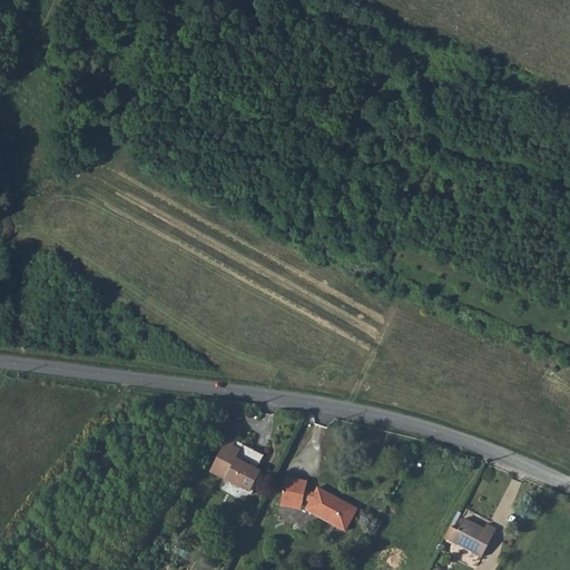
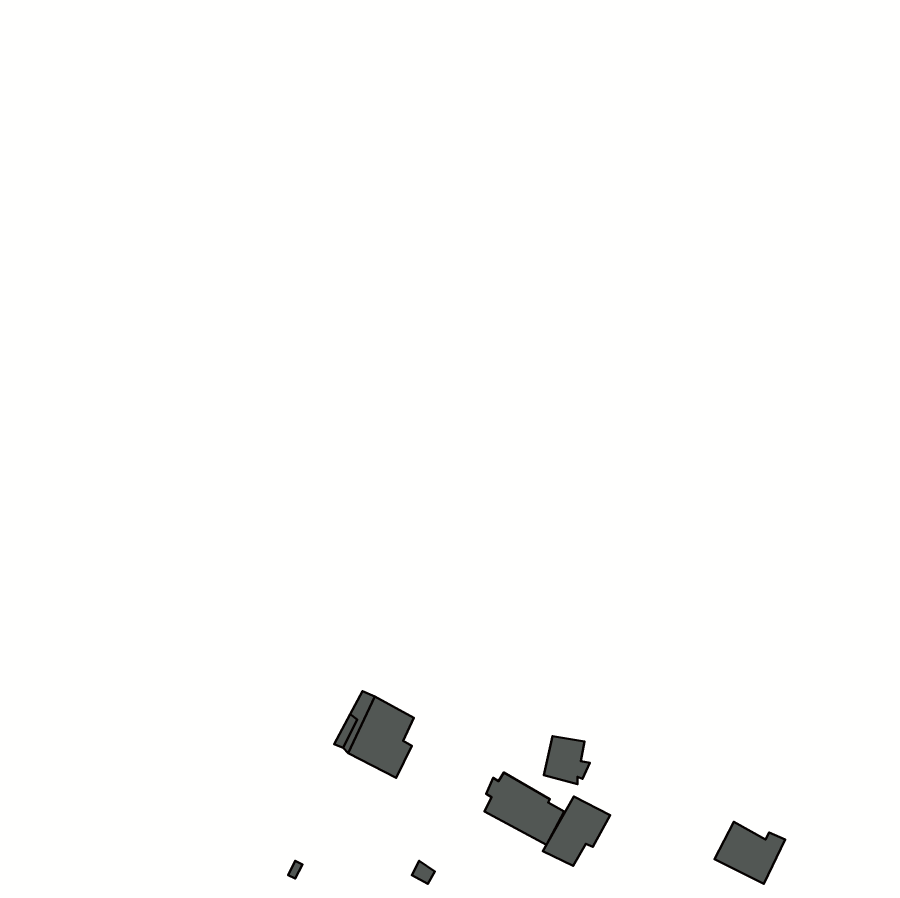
building: [282,473,311,503] -> [544,736,590,784]
building: none -> [543,797,610,866]

